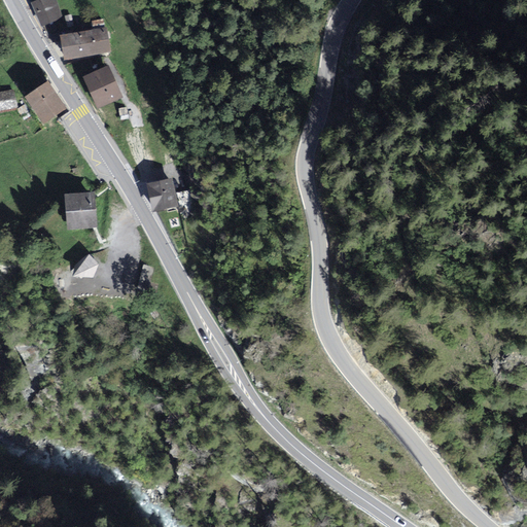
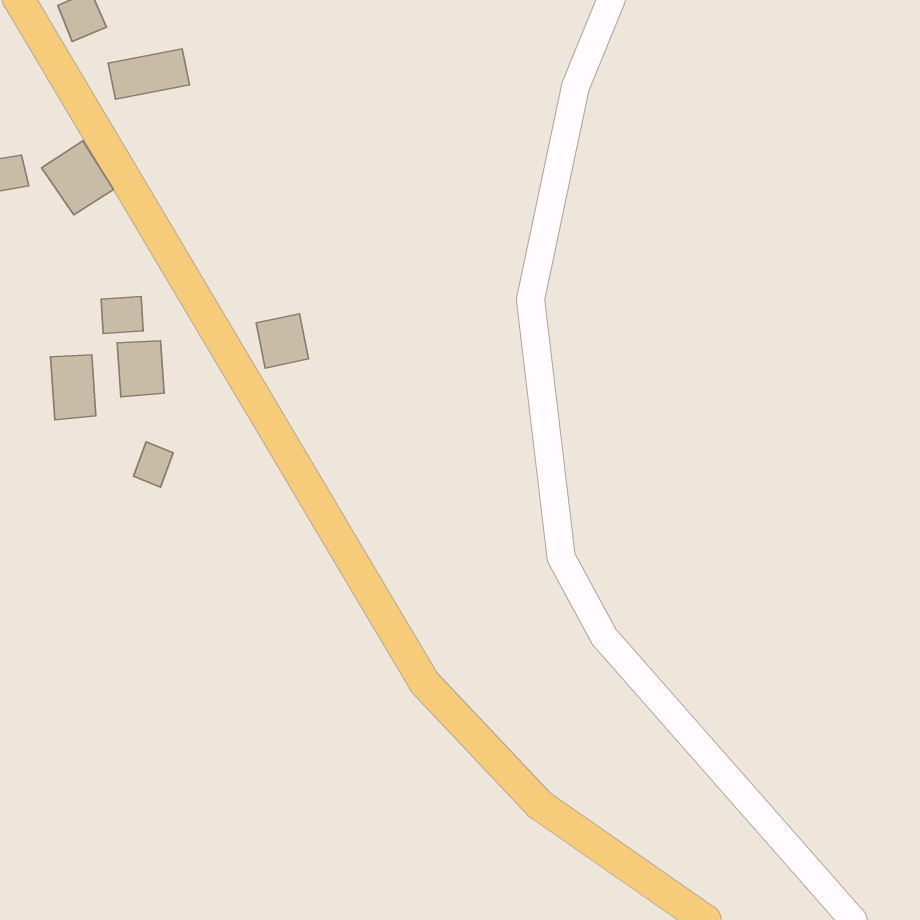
building: [84,67,118,104] -> none
building: none -> [101,297,143,334]
building: none -> [51,355,96,420]

